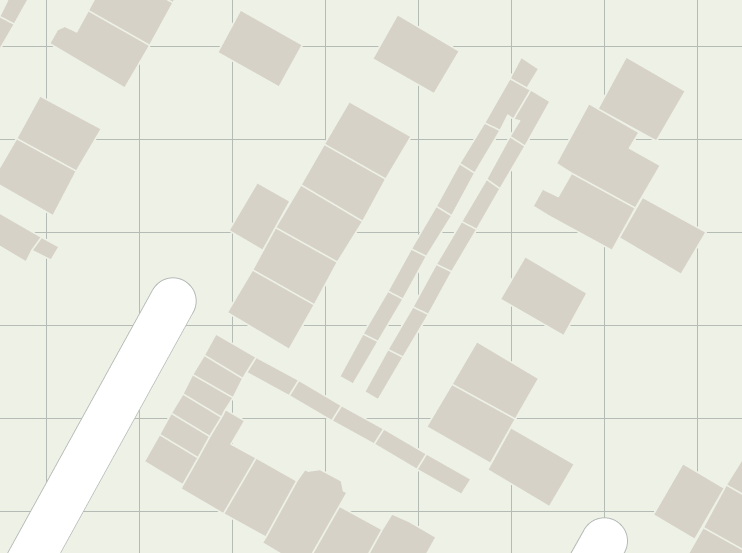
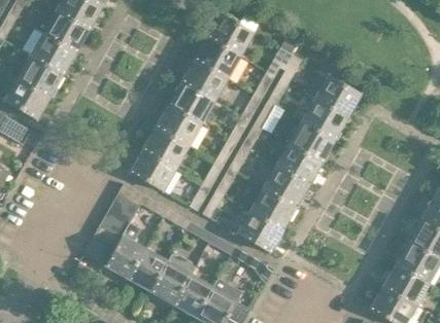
building: [217,10,302,87] -> [195,37,240,78]
building: none -> [23,29,75,74]
building: [598,57,686,141] -> none
building: [229,182,290,251] -> none
building: [619,197,706,275] -> [289,120,335,162]
building: [488,427,575,507] -> [263,165,309,207]
building: [653,463,725,540] -> none

